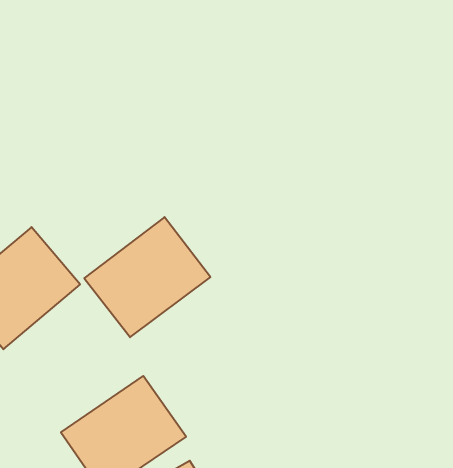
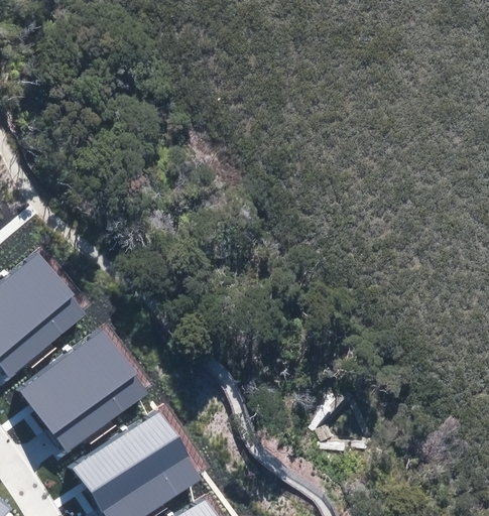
building: [84,217,210,337] -> [16,328,149,455]

